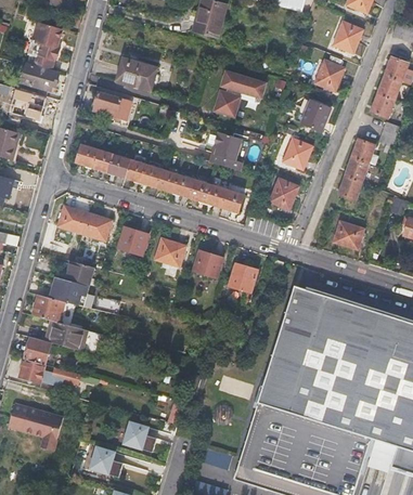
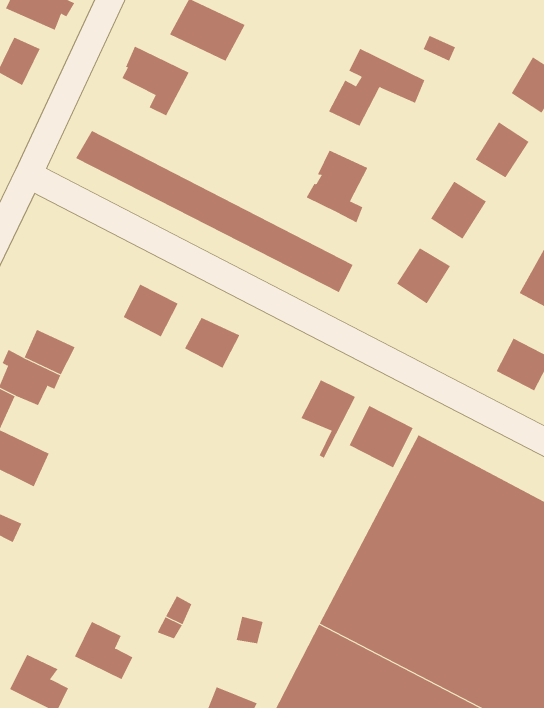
building: [57,205,111,239] -> none
building: [193,249,222,277] -> none
building: none -> [349,405,413,468]

